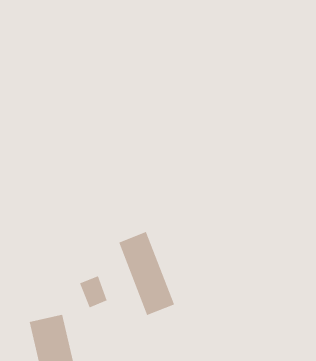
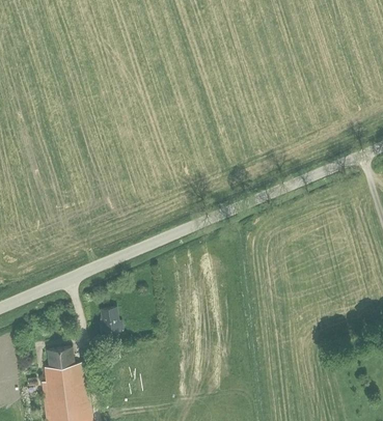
building: [118,231,175,316] -> none

